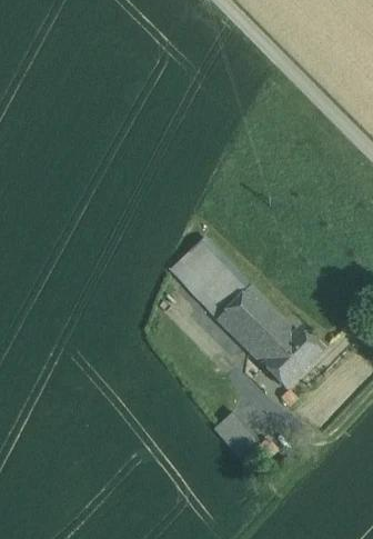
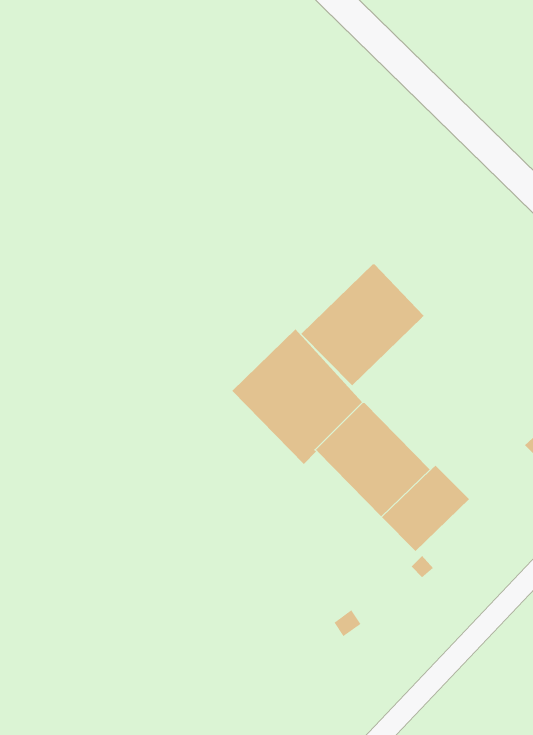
building: none -> [300,263,424,386]

